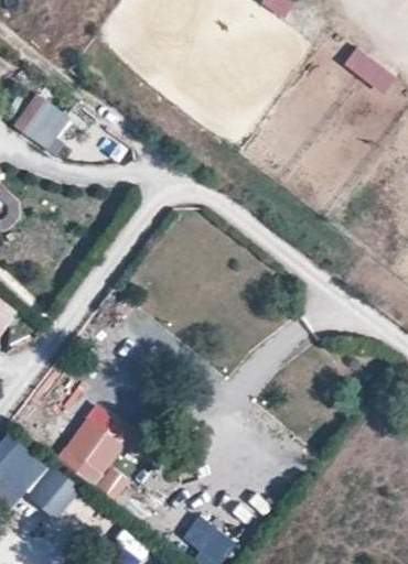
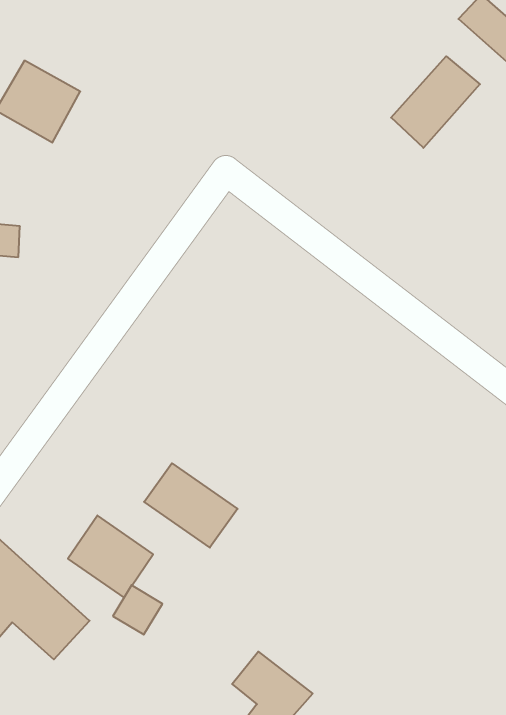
building: none -> [391,56,480,148]
building: none -> [144,463,238,548]

